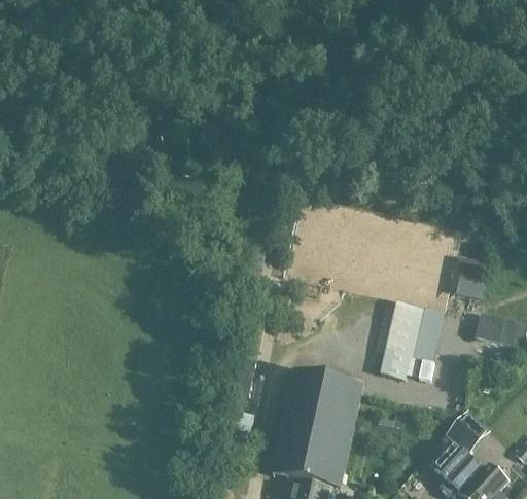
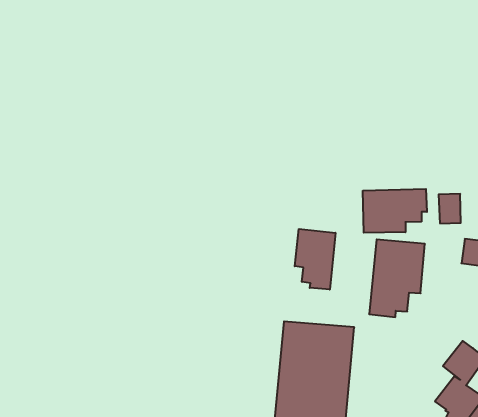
building: none -> [363,189,427,233]
building: none -> [295,229,335,290]

